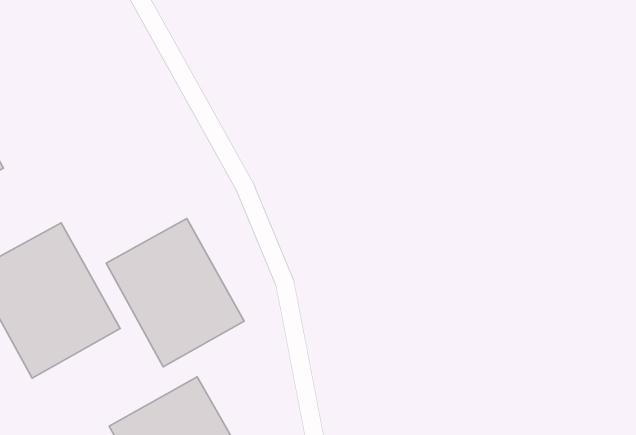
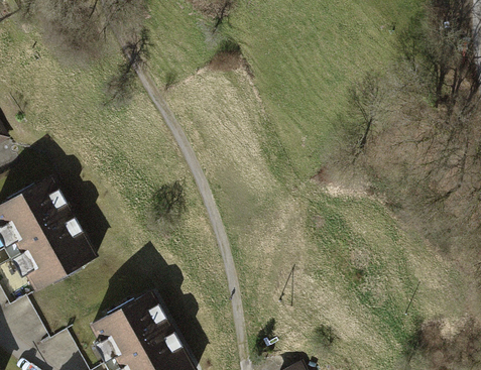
building: [106,218,244,367] -> none

